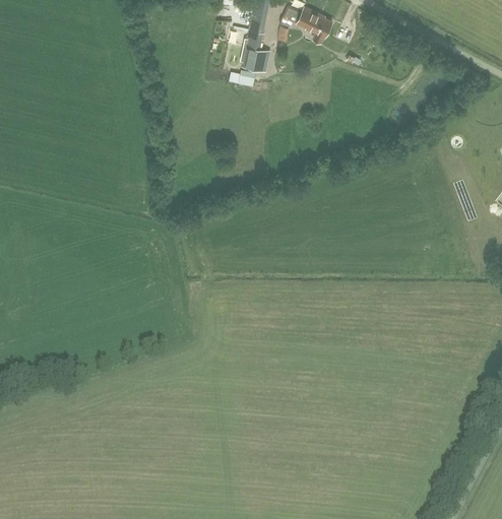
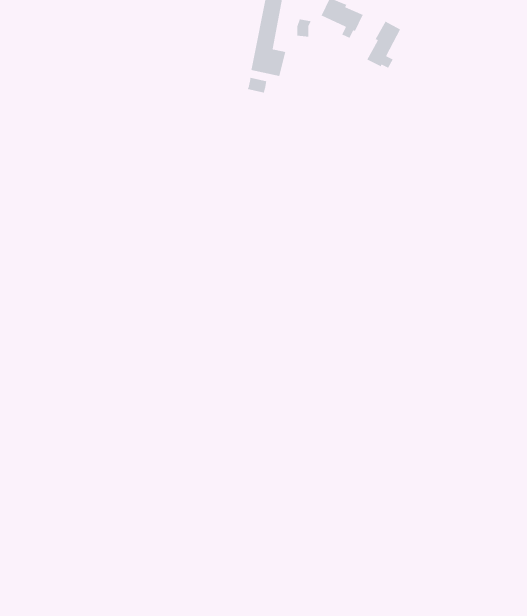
building: none -> [366,20,401,69]

